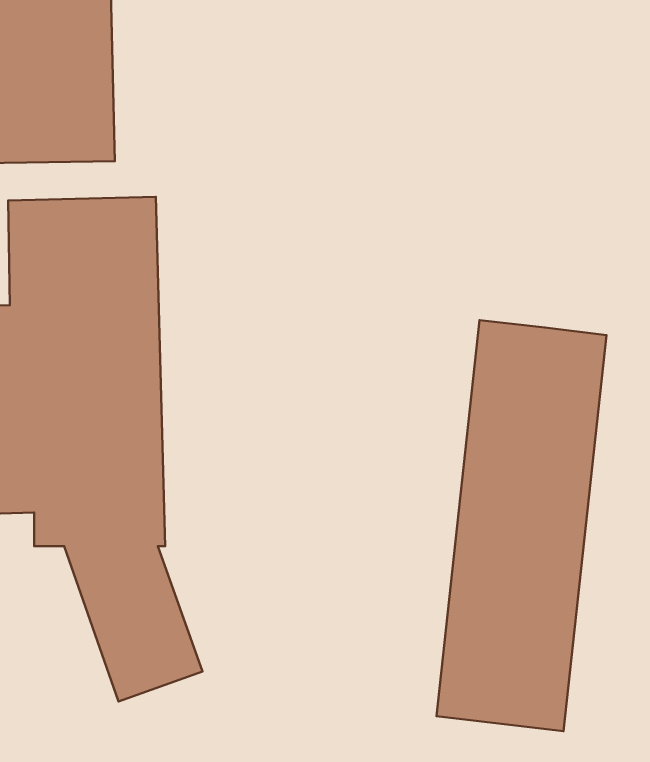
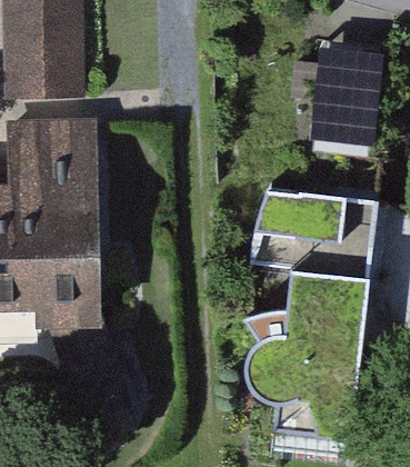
building: none -> [310,41,373,155]

